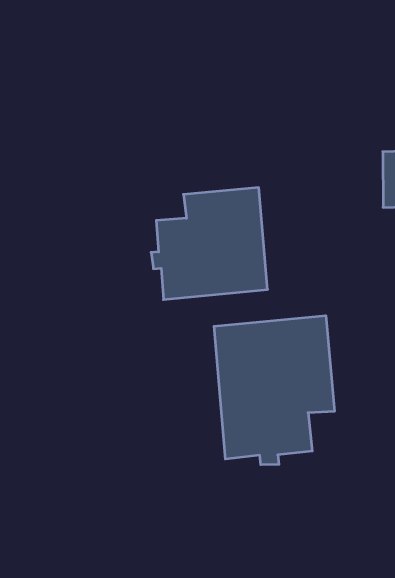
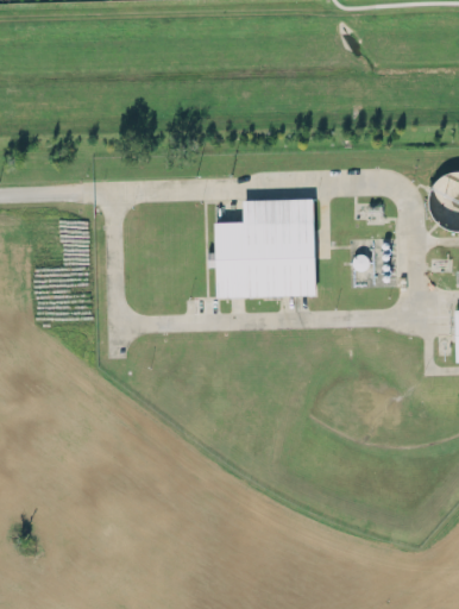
building: [214,316,334,465] -> none

